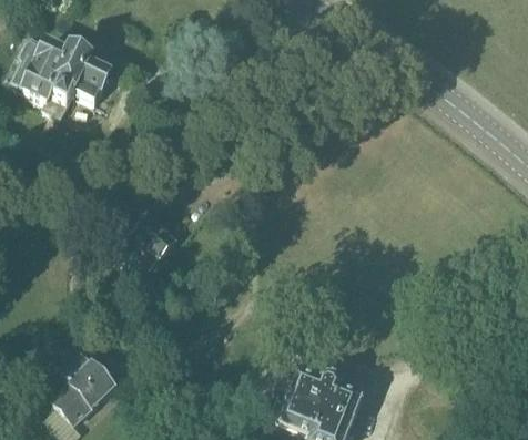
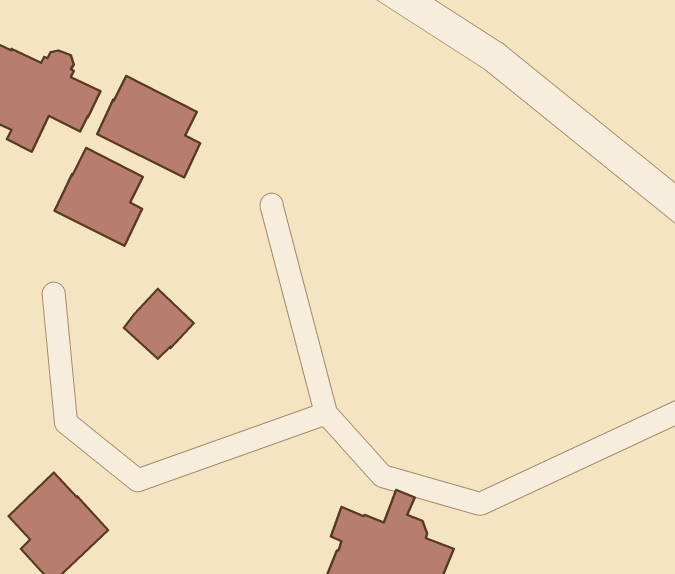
building: none -> [97,76,200,178]
building: none -> [55,148,143,246]

